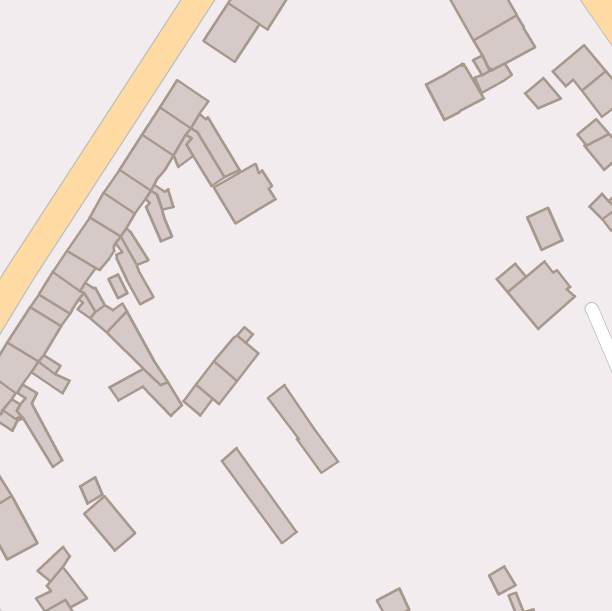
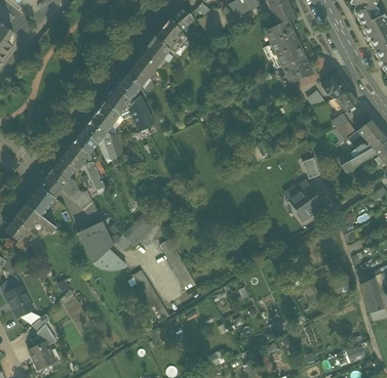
building: none -> [125,56,156,88]
building: [426,64,484,120] -> none
building: [214,164,276,223] -> none
building: none -> [81,234,126,270]

